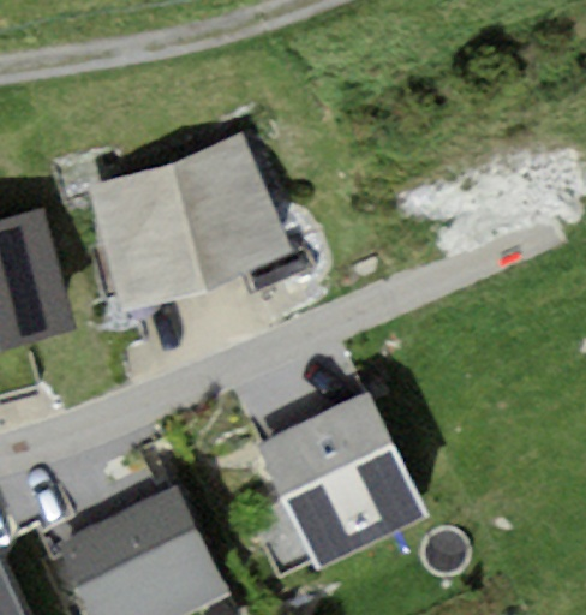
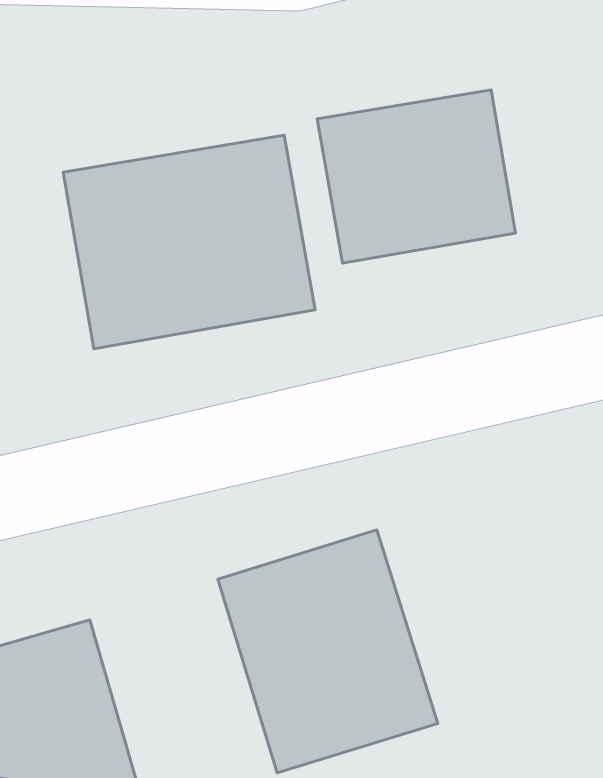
building: none -> [317,90,516,263]

